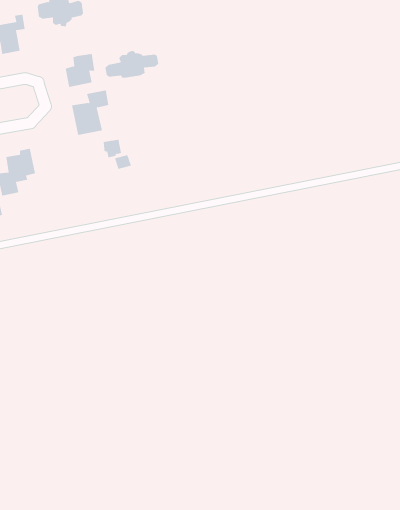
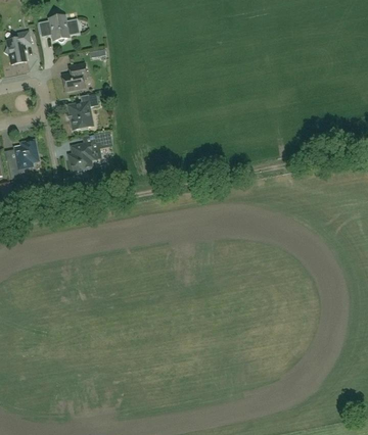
building: [105,50,159,78] -> none
building: none -> [67,142,96,178]

